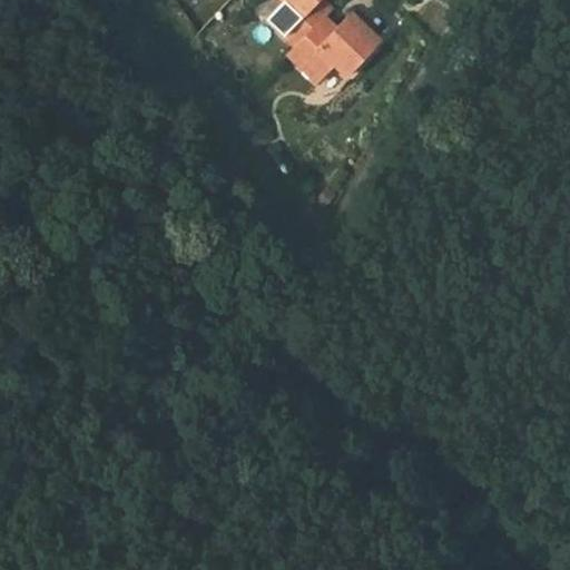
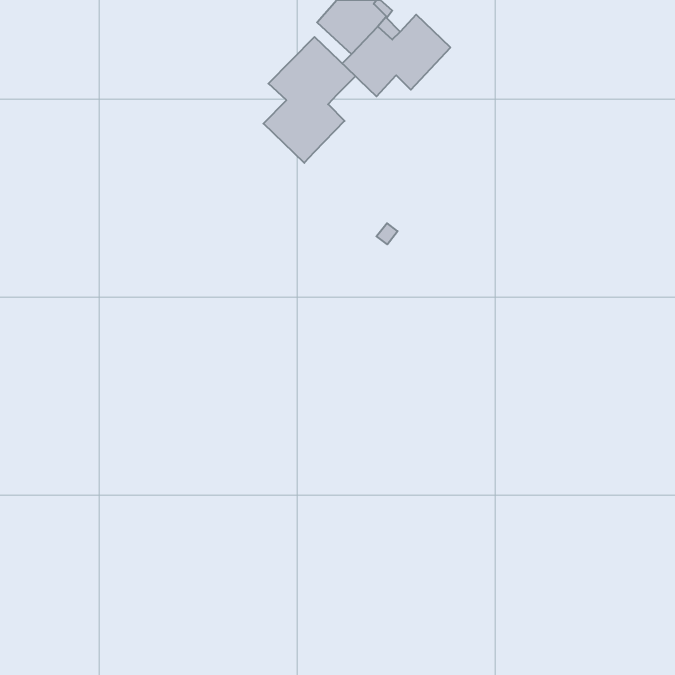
building: none -> [263,37,355,163]

